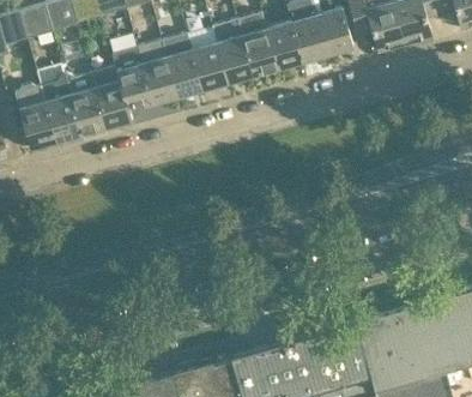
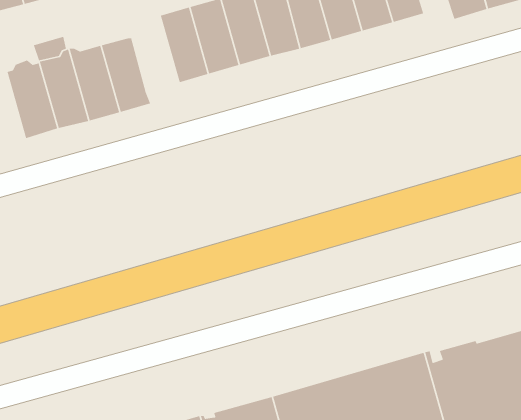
building: [111,47,155,109] -> none

